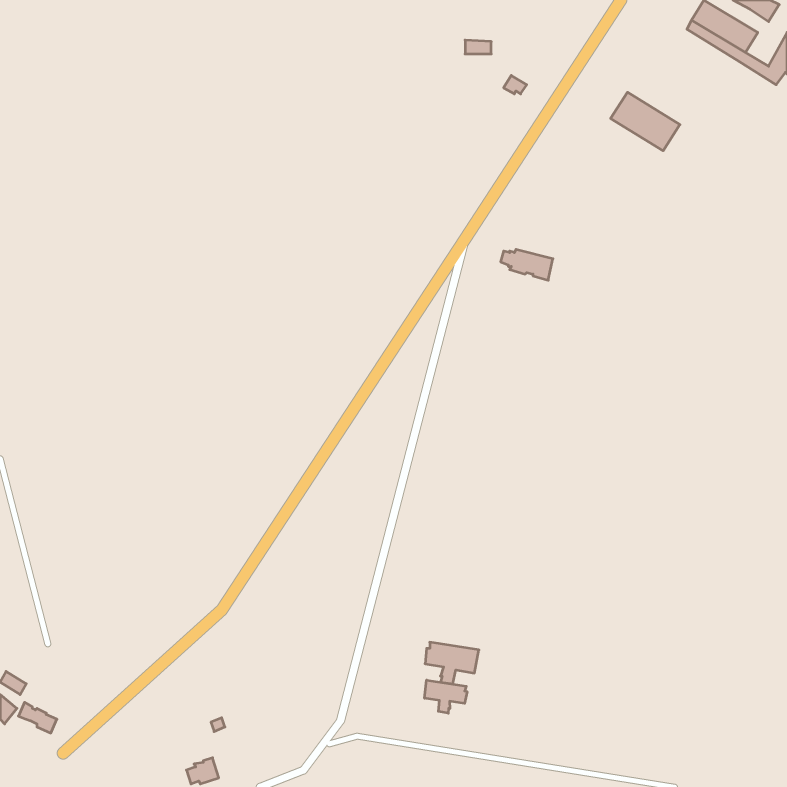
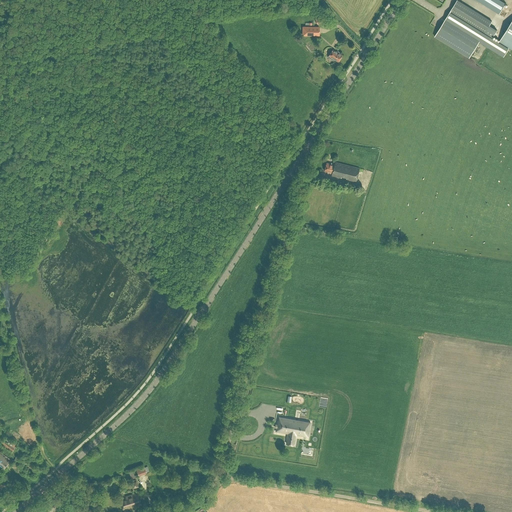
building: [611,92,680,151] -> [435,19,480,57]
building: [425,680,467,713] -> none

